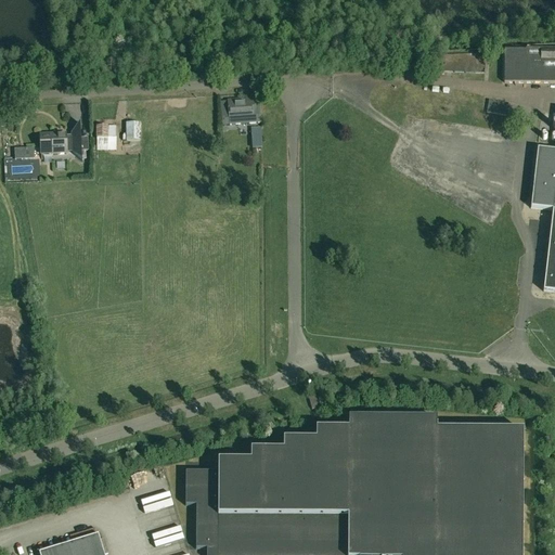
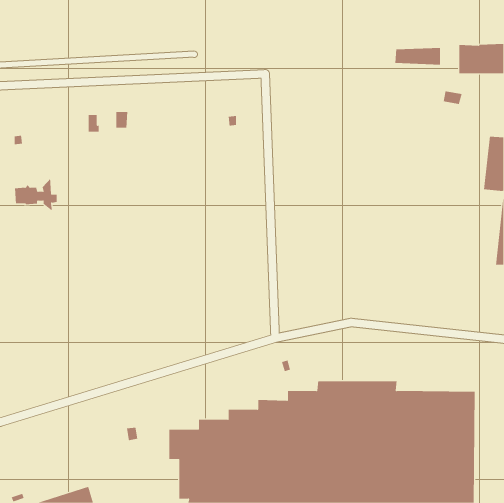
building: [228,96,254,117] -> none
building: [40,122,88,160] -> [14,177,58,212]

